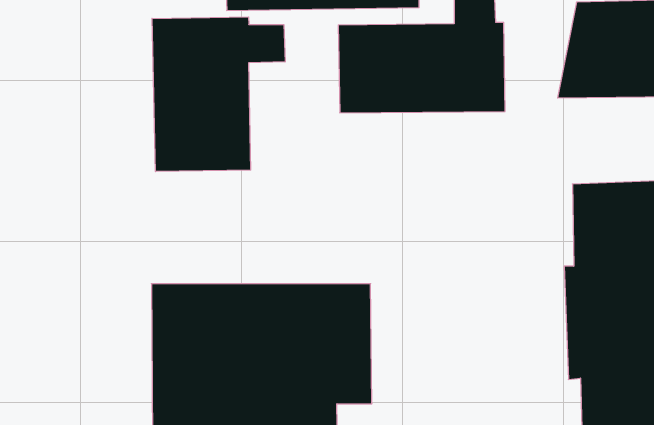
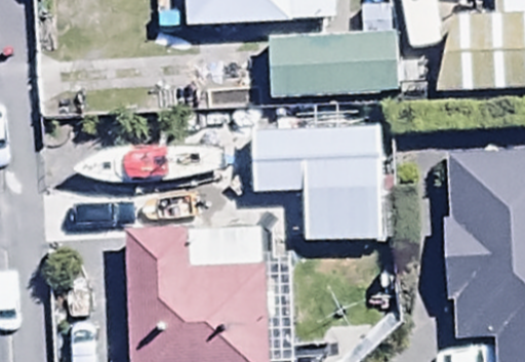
building: [152,17,285,172] -> none
building: none -> [254,128,381,191]

